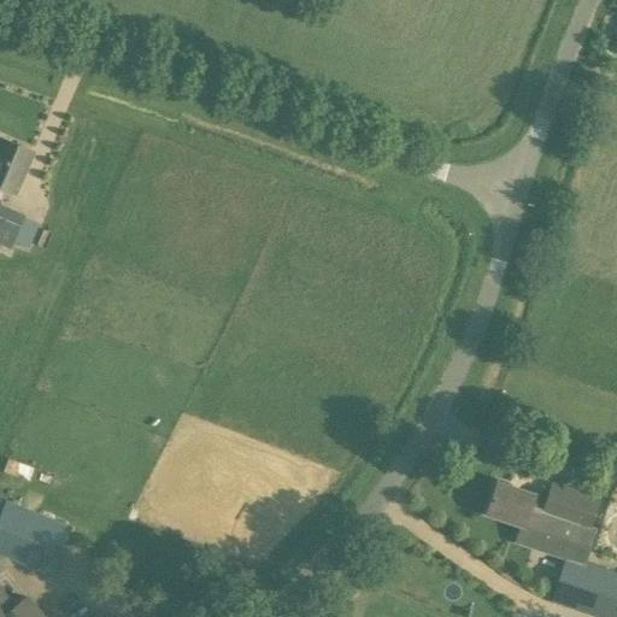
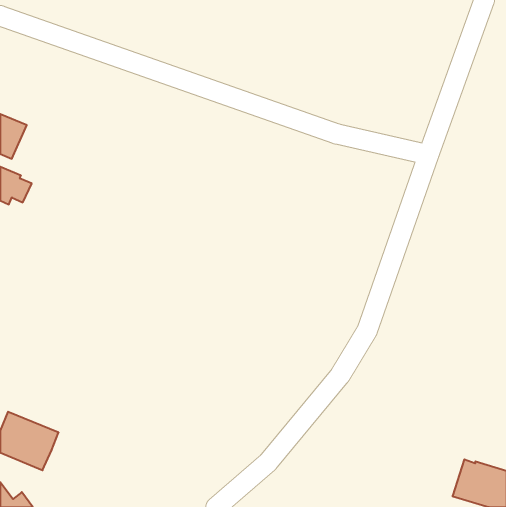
building: [487,483,599,563] -> none

